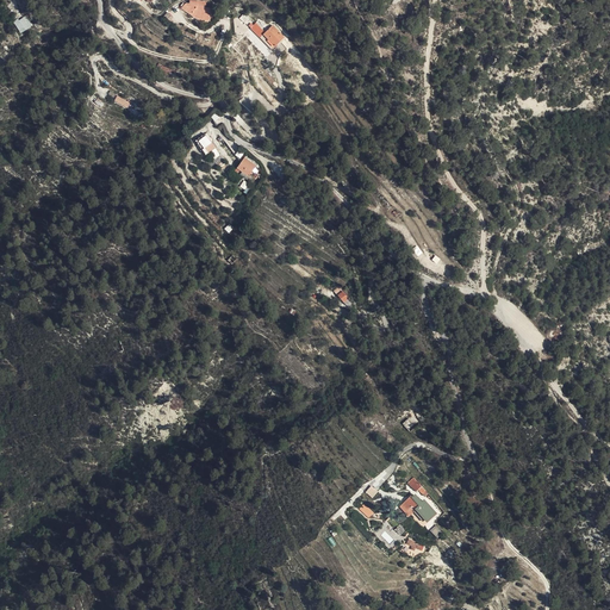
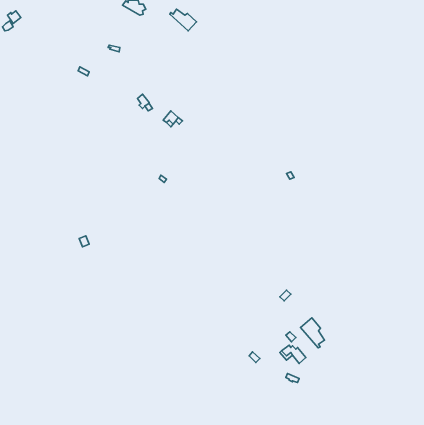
building: none -> [301,318,325,348]

